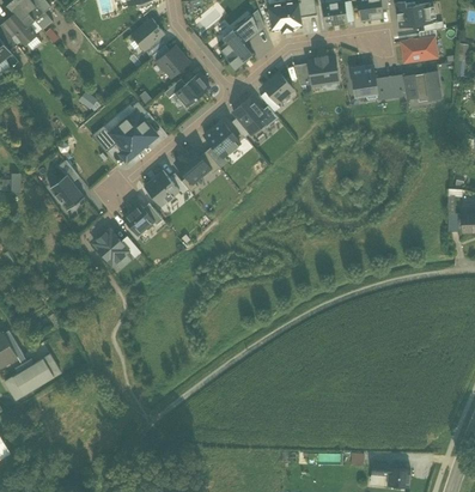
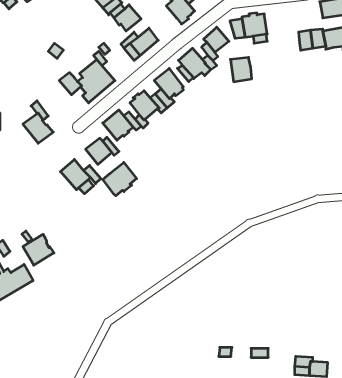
building: [352,66,377,95] -> [230,57,252,82]
building: none -> [103,162,137,196]
building: none -> [23,234,54,265]

